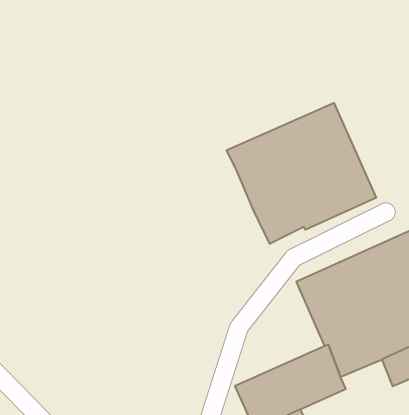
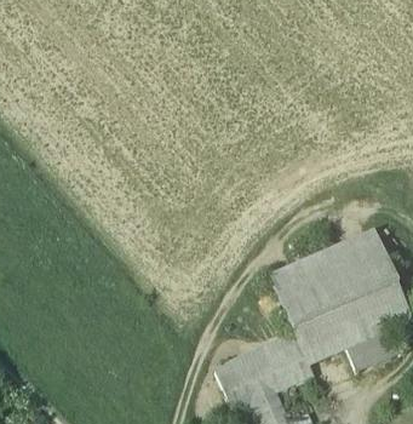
building: [227,103,376,244] -> none

